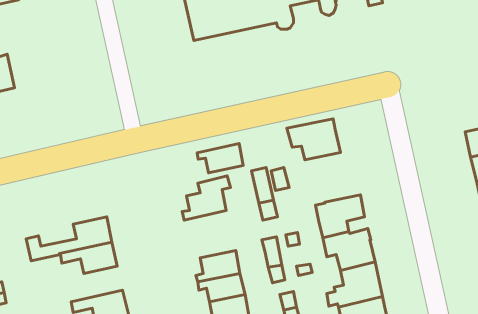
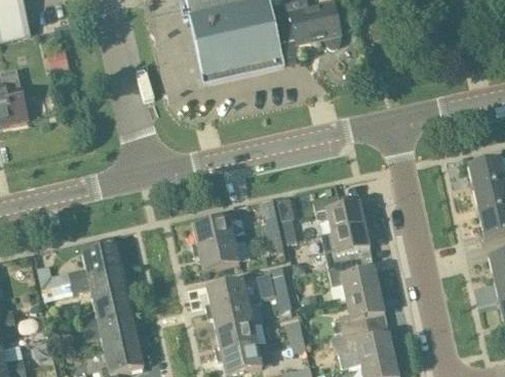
building: [287,119,340,160] -> [312,192,364,232]
building: [197,143,243,173] -> [192,240,237,269]
building: none -> [79,295,131,330]

